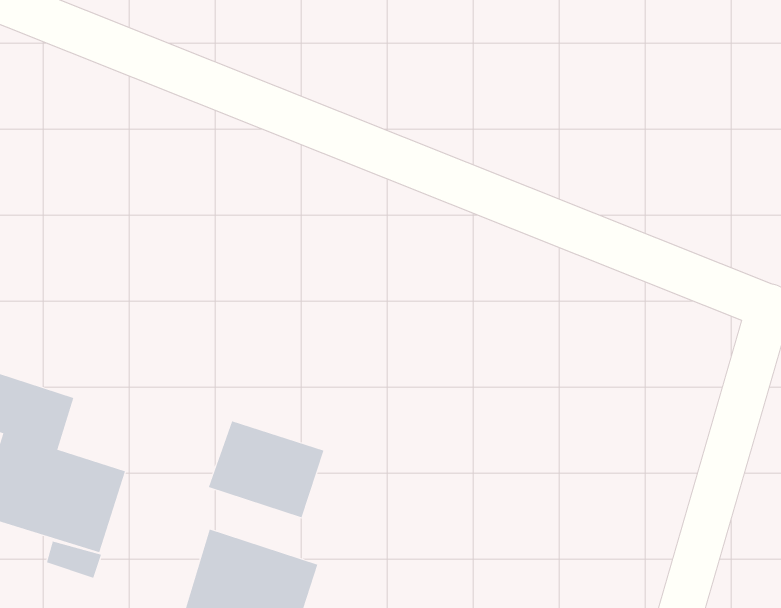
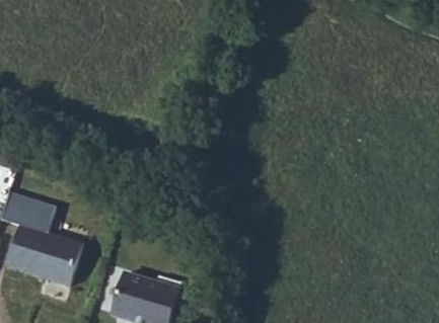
building: [208,421,324,518] -> none

